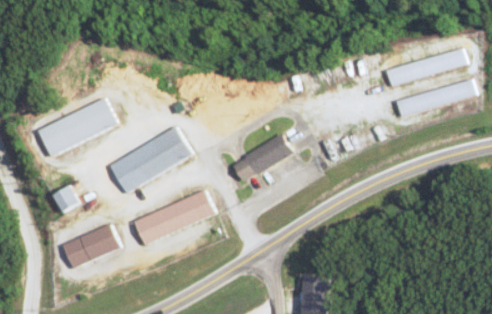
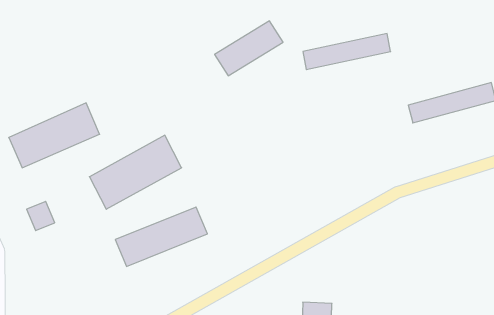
building: [385,51,463,83] -> [303,34,391,70]
building: [232,134,293,183] -> [215,21,283,76]
building: [62,224,120,268] -> none

